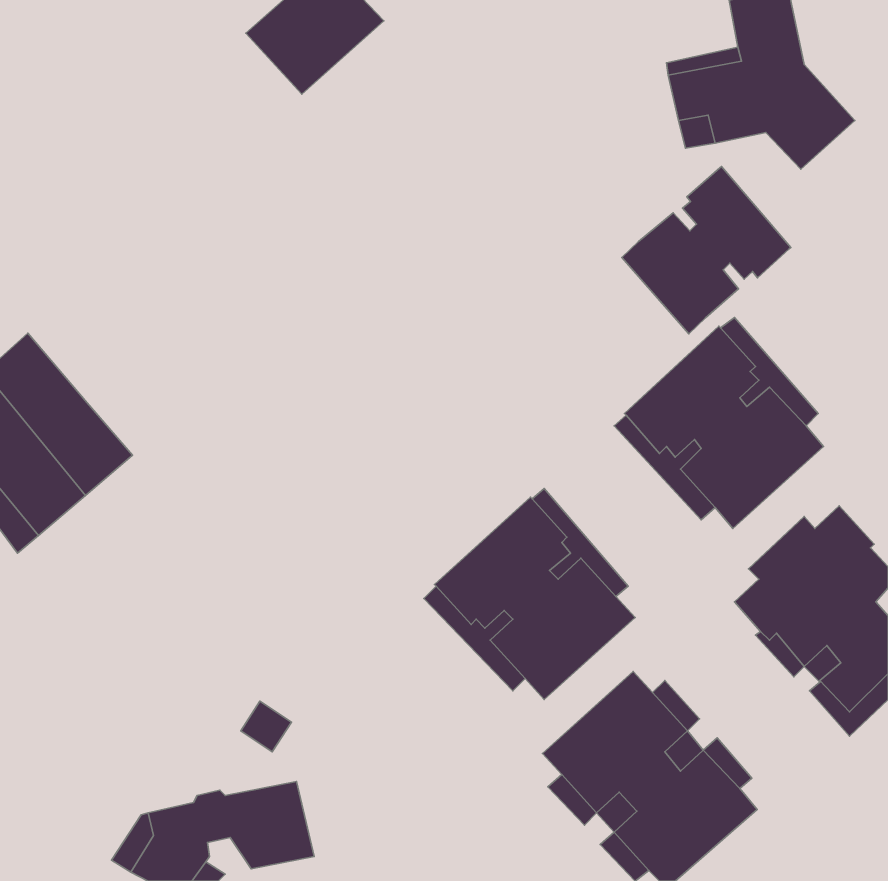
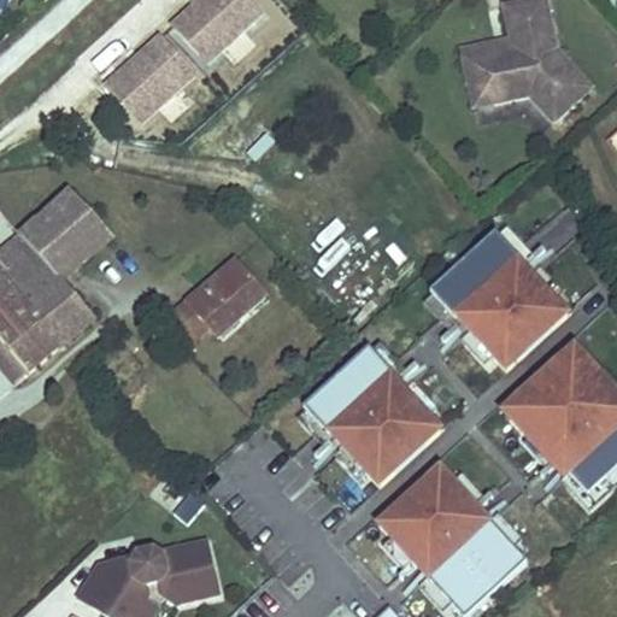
building: none -> [104,33,200,127]
building: [622,167,791,334] -> none
building: none -> [19,186,110,278]
building: none -> [172,257,263,334]

